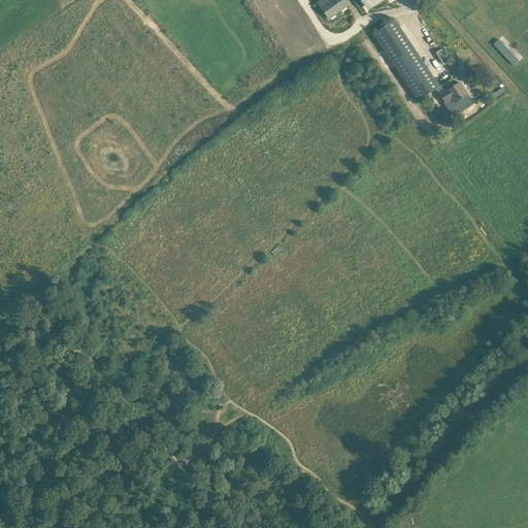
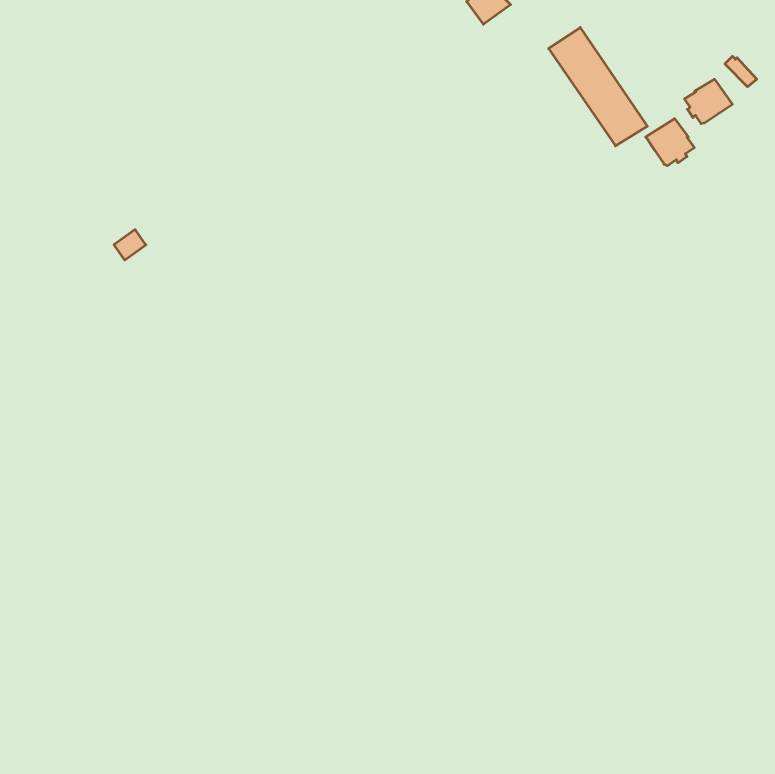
building: none -> [685,79,732,124]

